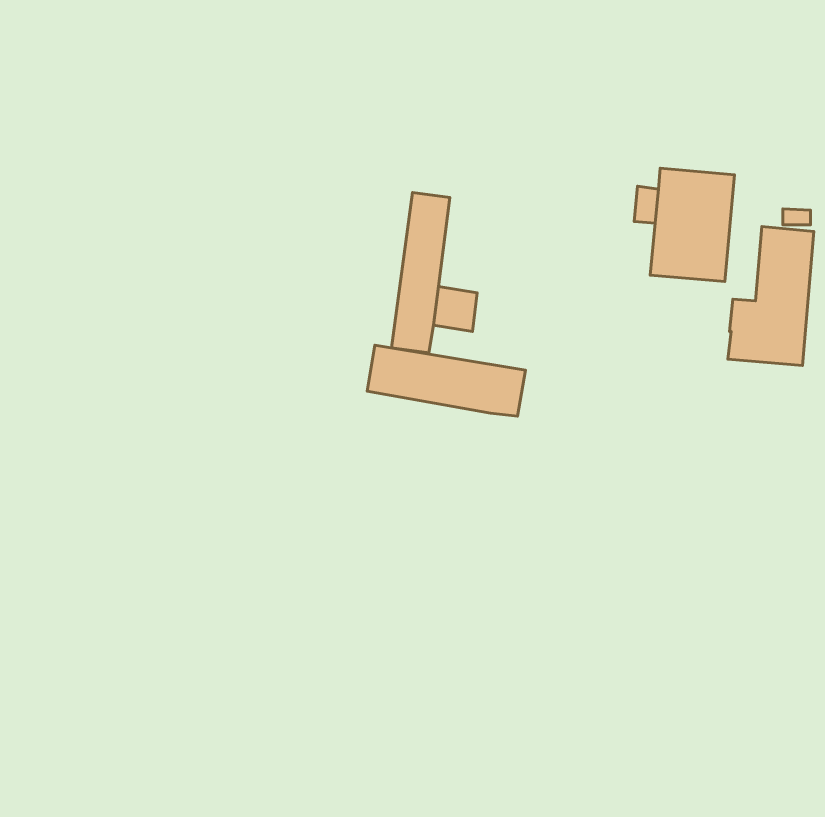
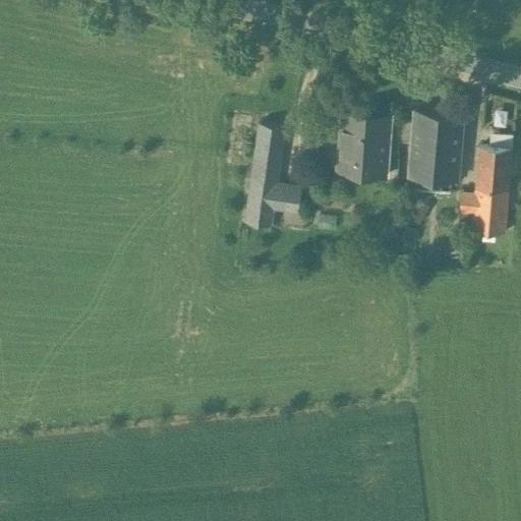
building: none -> [336,111,392,177]
building: [367,345,525,416] -> none

